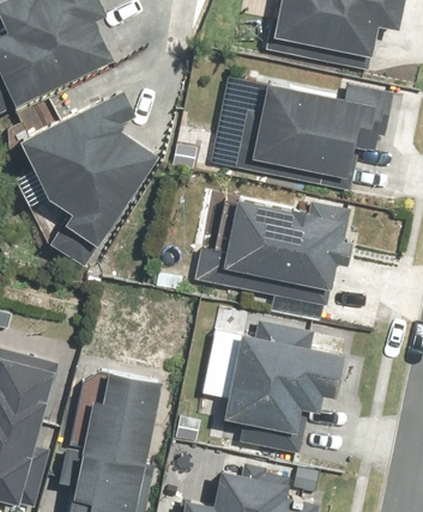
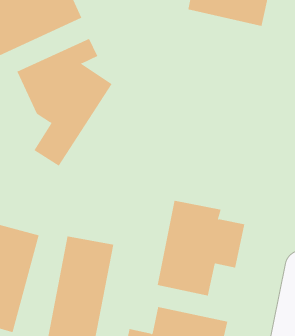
building: [232,80,393,191] -> none
building: [192,197,355,305] -> none

